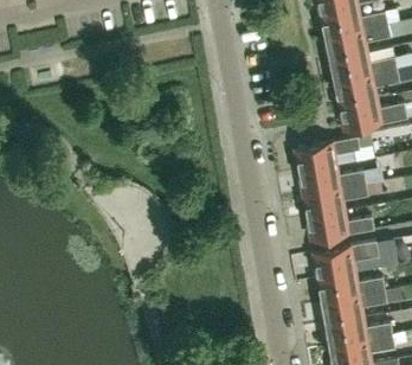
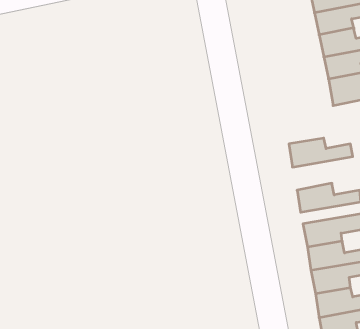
building: [295,137,359,171] -> none
building: [303,184,367,218] -> none

